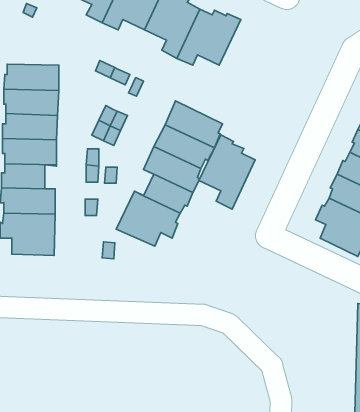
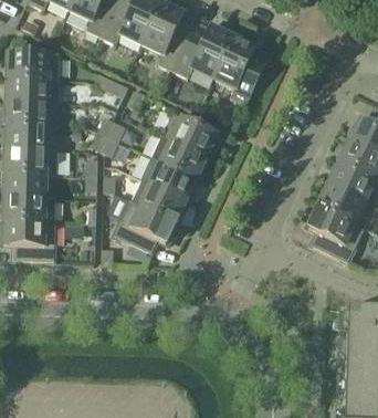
building: none -> [7,49,60,77]
building: [199,135,255,209] -> [213,33,267,105]

